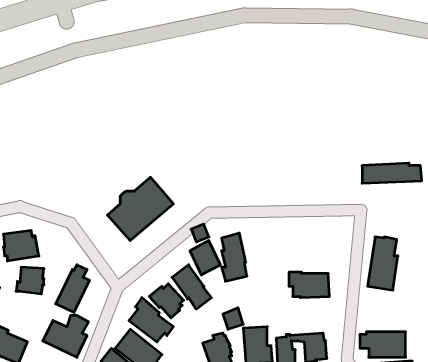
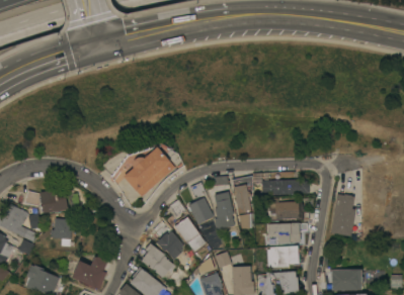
building: [362,163,422,183] -> [262,179,310,195]
building: none -> [233,178,252,229]
building: none -> [268,201,300,220]
building: [56,265,89,313] -> none
building: none -> [267,245,299,267]

